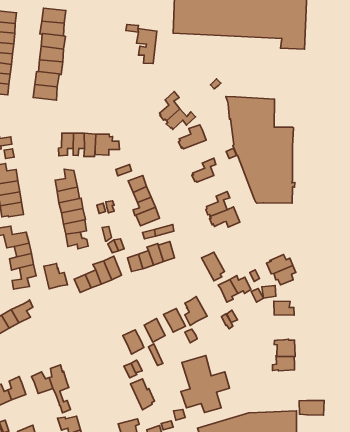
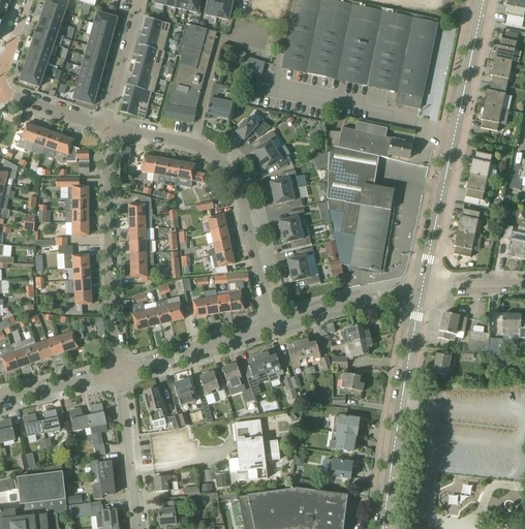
building: none -> [165,23,217,121]
building: none -> [207,82,235,118]
building: none -> [236,111,271,138]
building: none -> [338,126,414,157]
building: none -> [271,187,303,207]
building: none -> [280,225,311,245]
building: [201,252,225,281] -> [260,349,283,380]
building: [44,263,67,289] -> none
building: [131,379,155,410] -> [145,387,167,421]
building: [299,401,324,415] -> [323,458,352,477]

